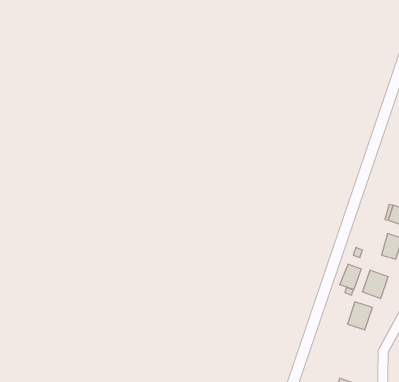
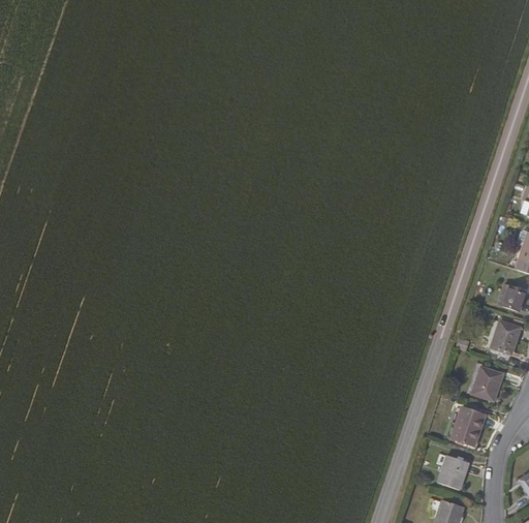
building: [340,264,361,290] -> none
building: none -> [438,456,466,489]

